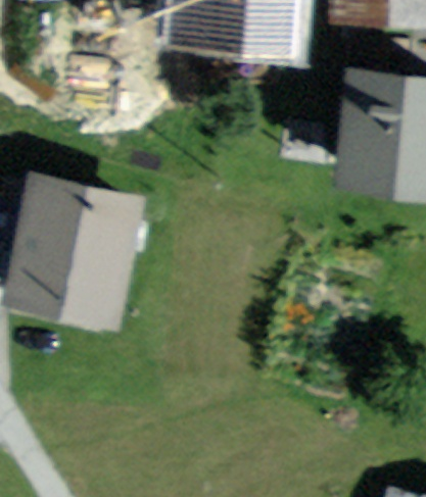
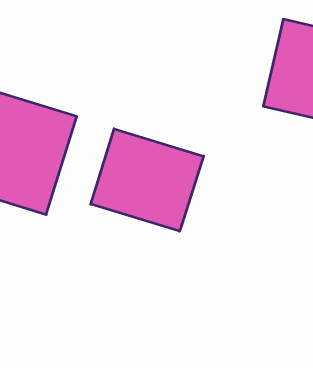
building: none -> [91,129,204,231]

